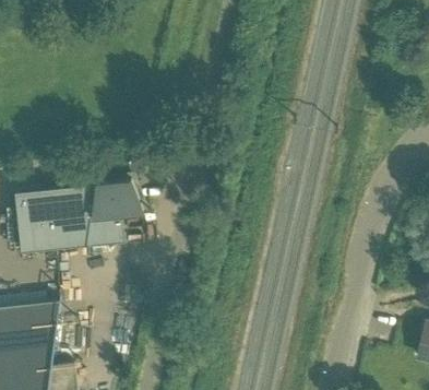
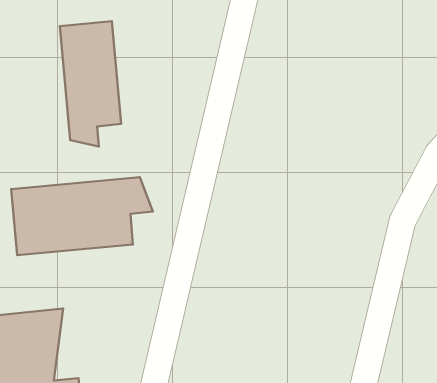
building: none -> [60,21,121,146]

